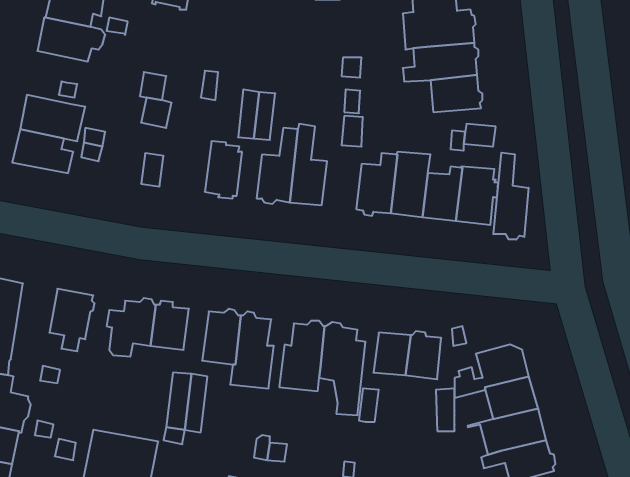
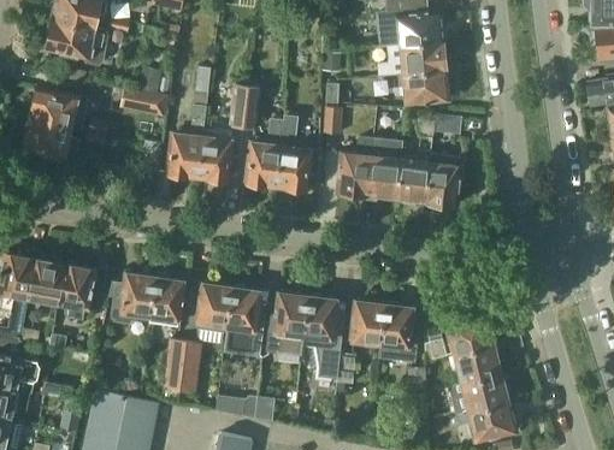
building: none -> [170,105,207,176]
building: [493,153,529,240] -> none
building: none -> [28,254,65,303]

